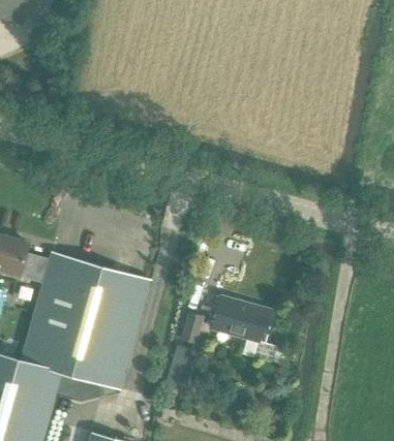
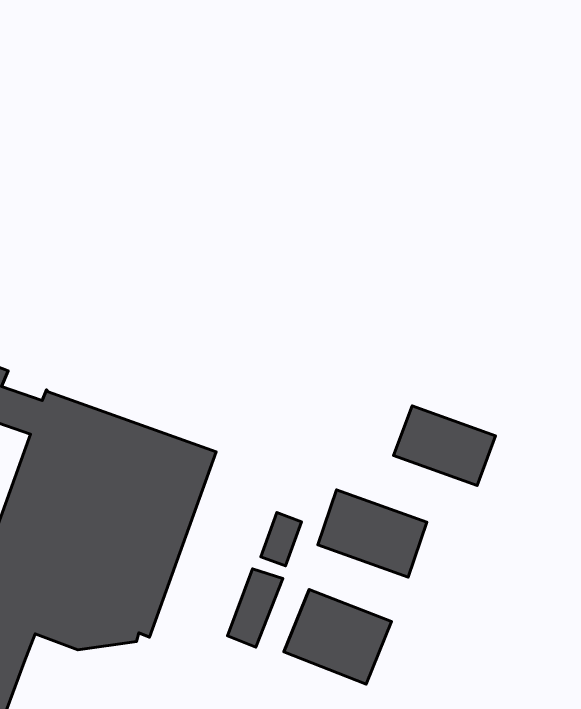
building: none -> [393,406,496,485]
building: none -> [284,589,391,684]

